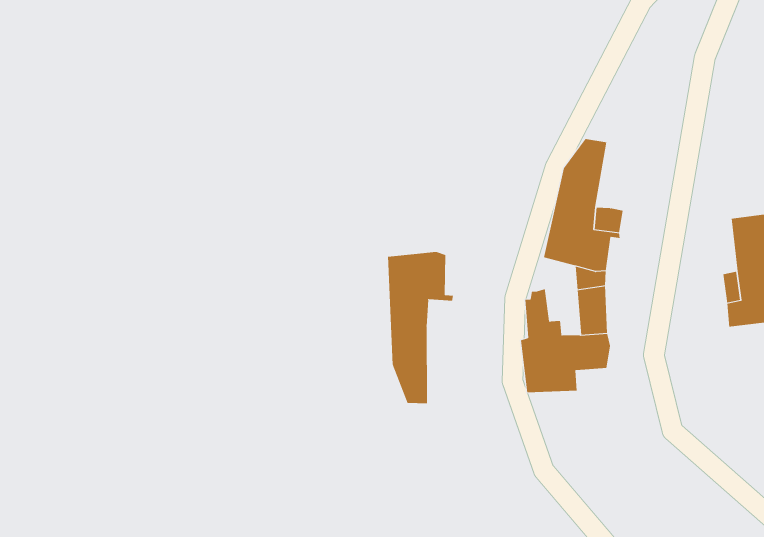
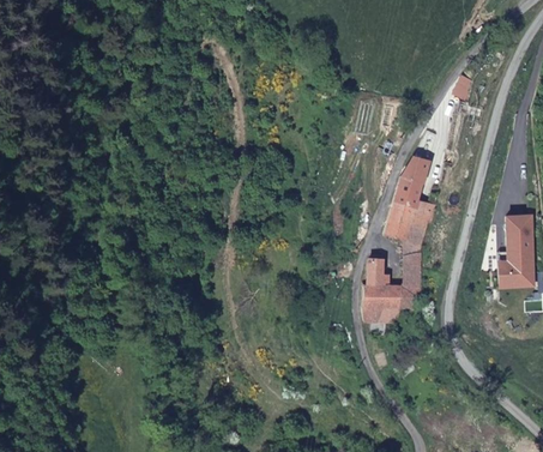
building: [387,251,454,404] -> none

